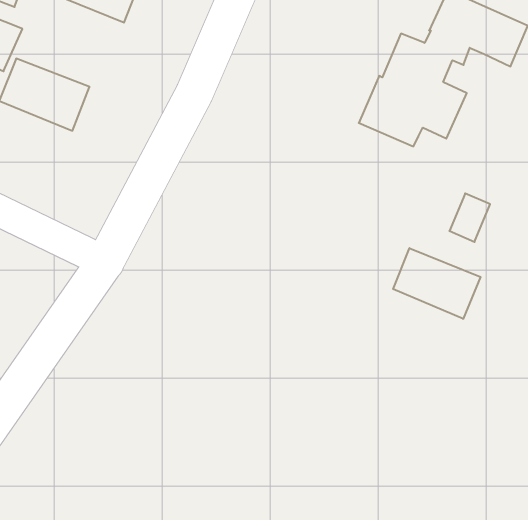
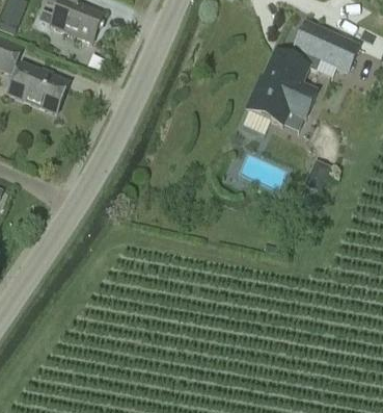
building: [393,248,481,319] -> none

